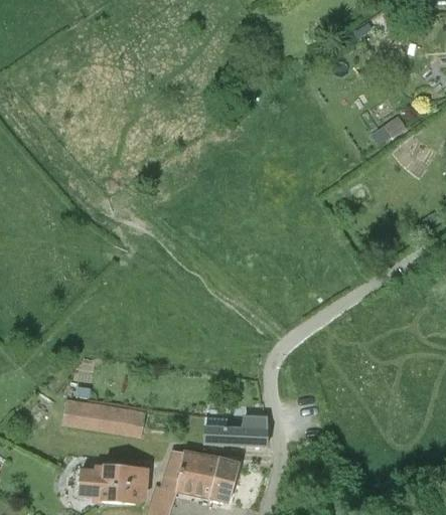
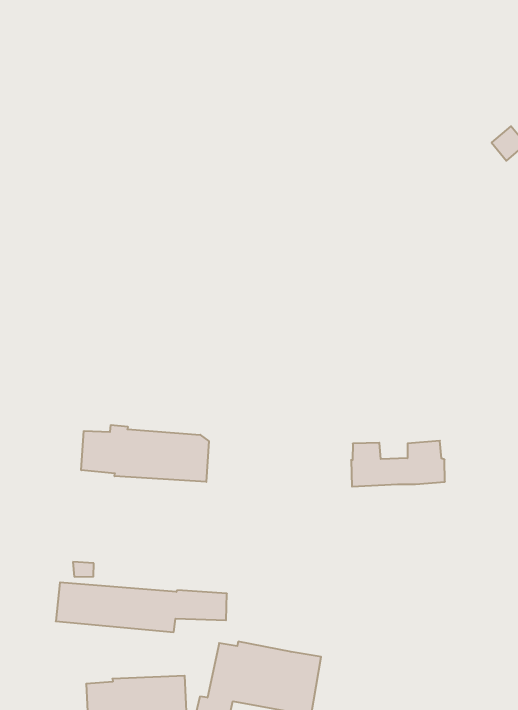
building: none -> [81,425,209,482]
building: [203,414,268,446] -> [351,441,445,487]

